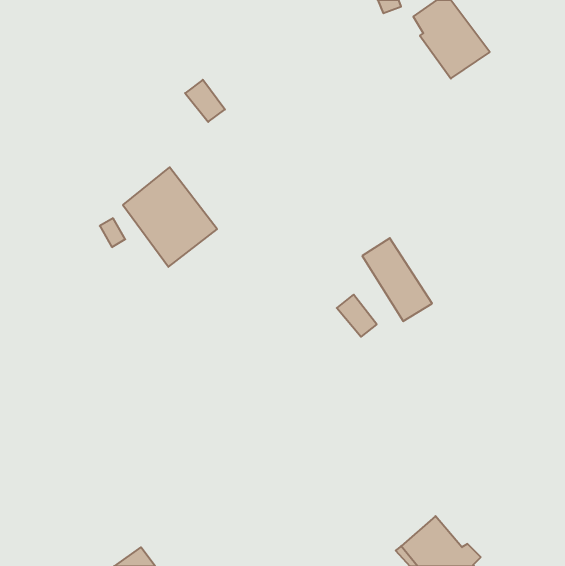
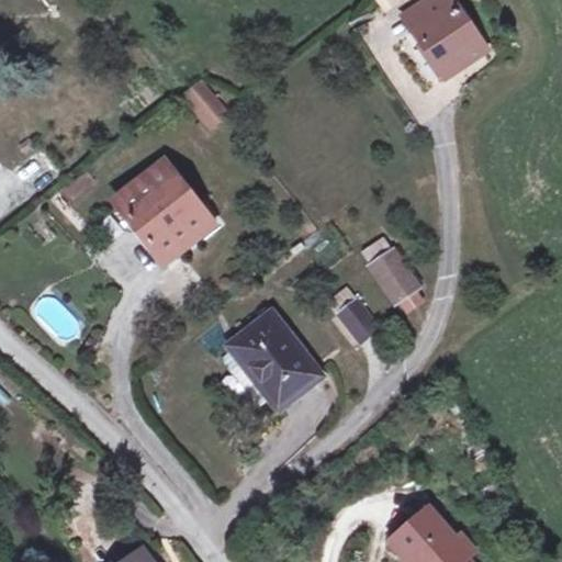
building: none -> [231,311,313,398]

